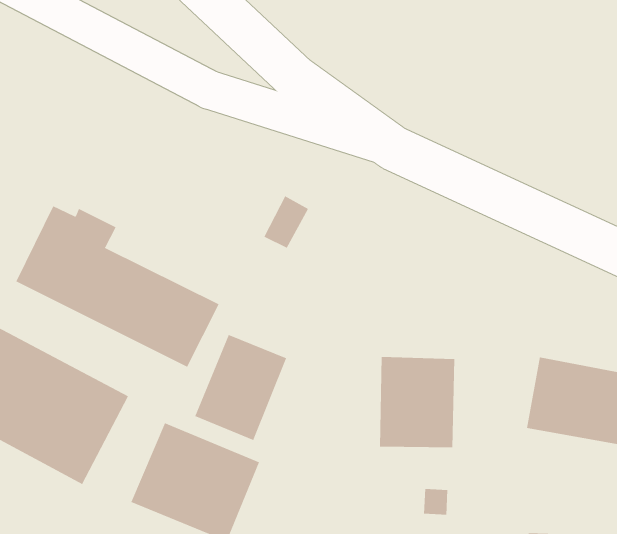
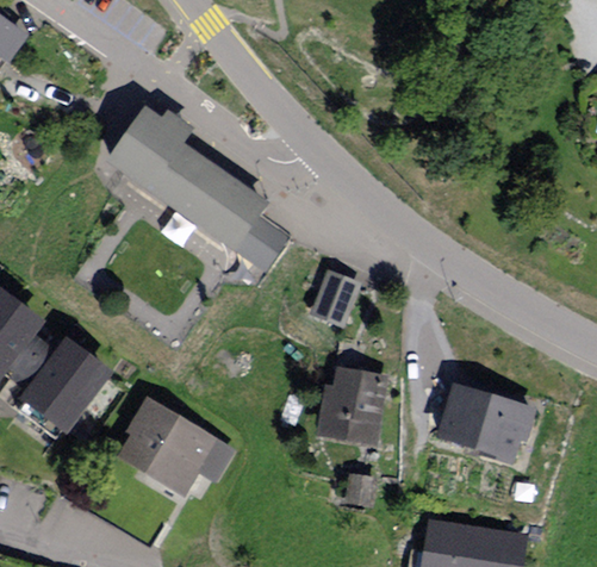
building: [15,206,219,367] -> [98,117,260,261]
building: none -> [312,261,356,313]
building: [194,334,287,441] -> none

